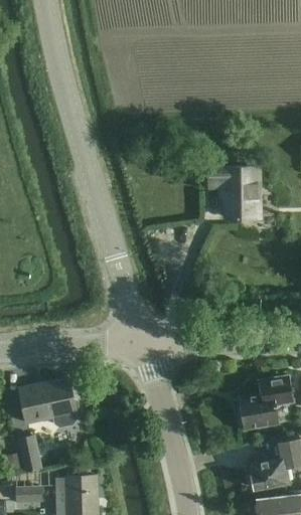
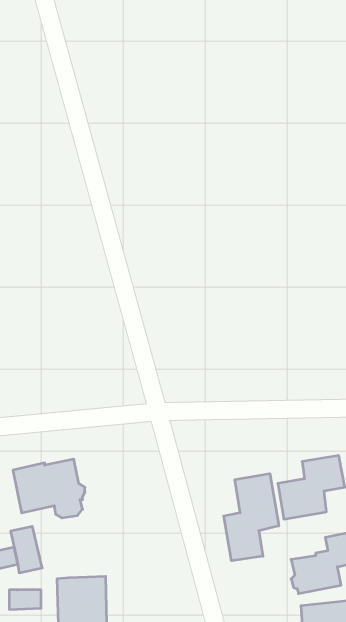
building: [208,160,259,218] -> none
building: none -> [224,474,279,561]

